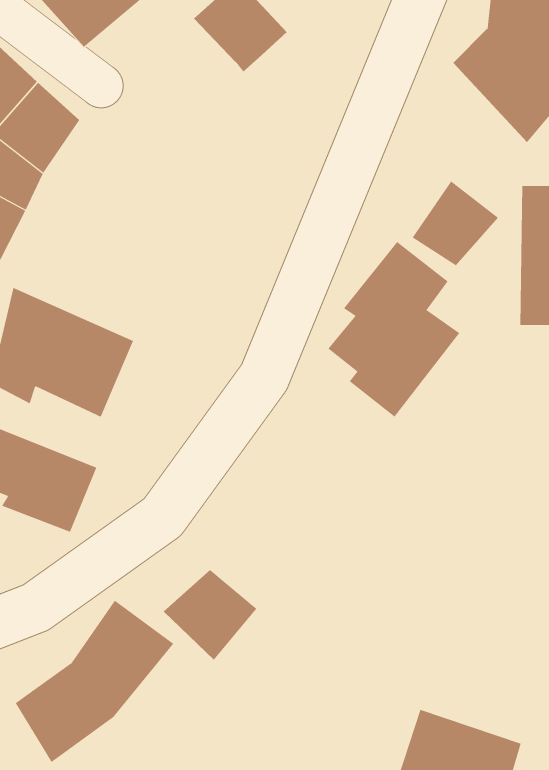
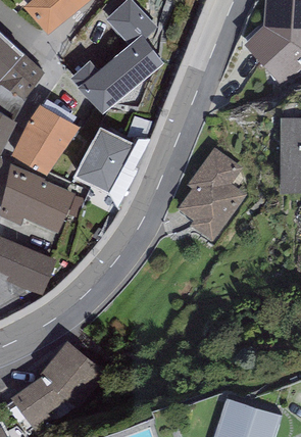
building: none -> [73,43,161,111]
building: none -> [11,109,82,178]
building: [412,181,499,266] -> none
building: none -> [74,132,132,195]
building: [163,569,257,660] -> none

